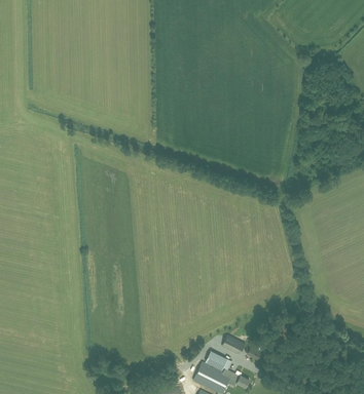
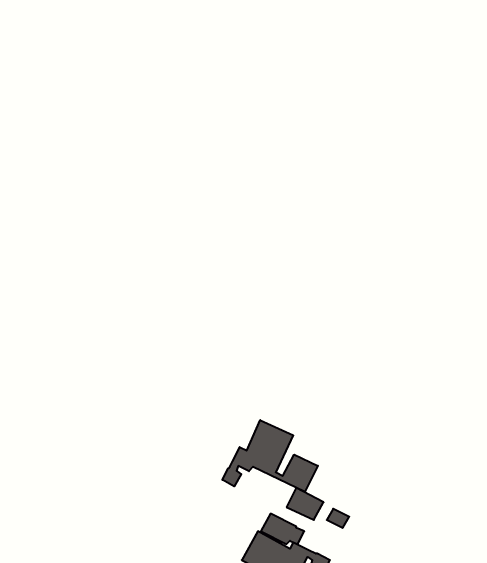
building: none -> [222,420,318,492]

